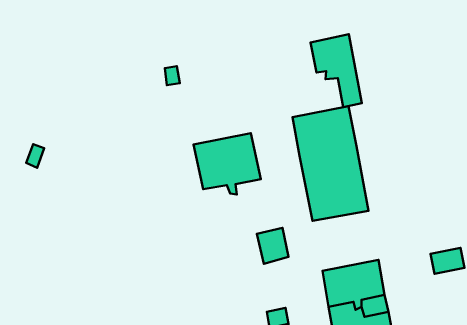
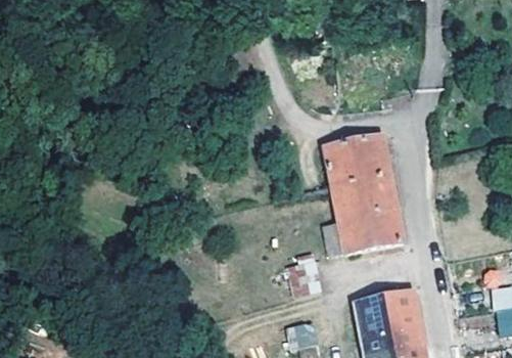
building: [311,34,362,107] -> none
building: [194,133,261,195] -> none

